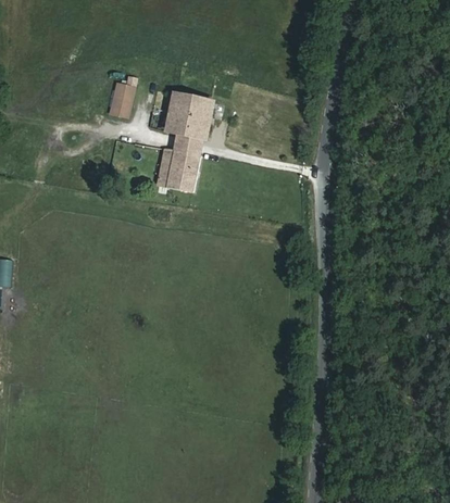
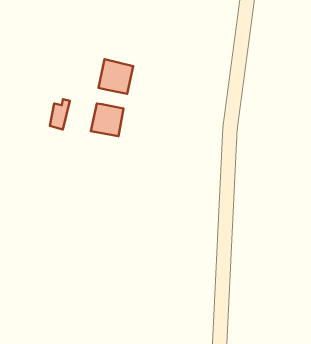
building: [110,78,135,116] -> [50,99,70,129]
building: [171,131,202,155] -> none

